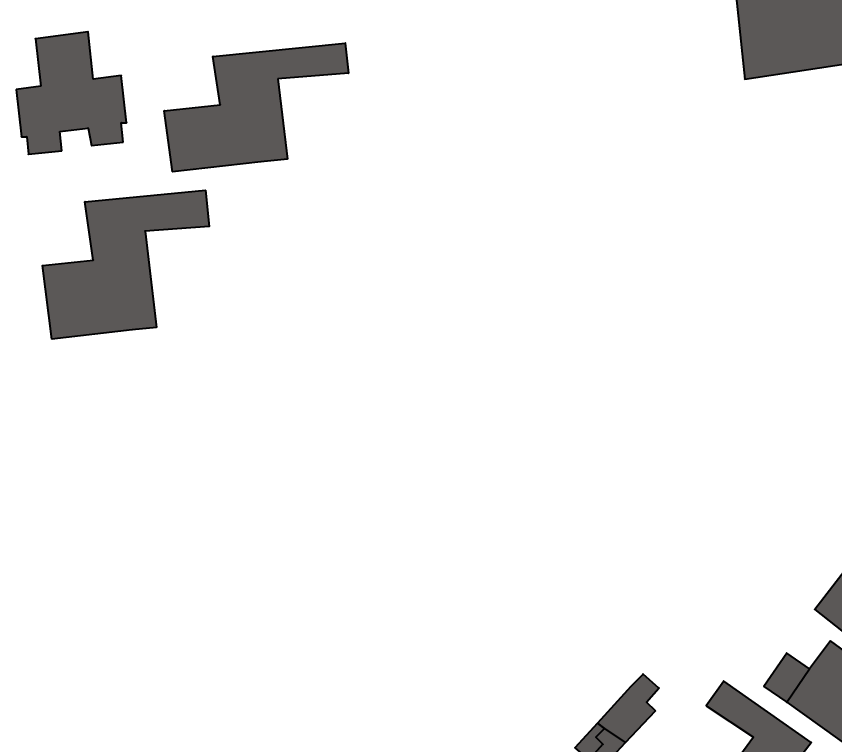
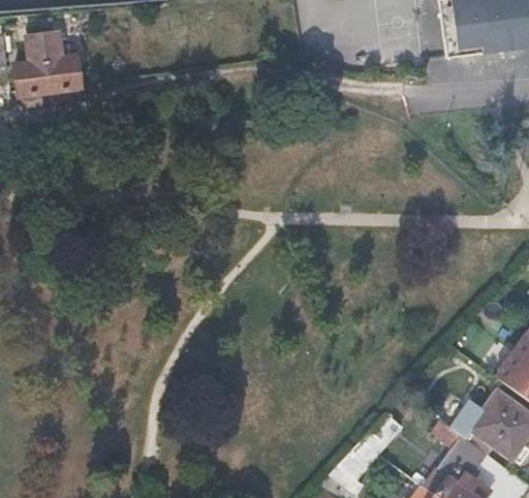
building: [164,43,348,172] -> none
building: [42,190,209,339] -> none

